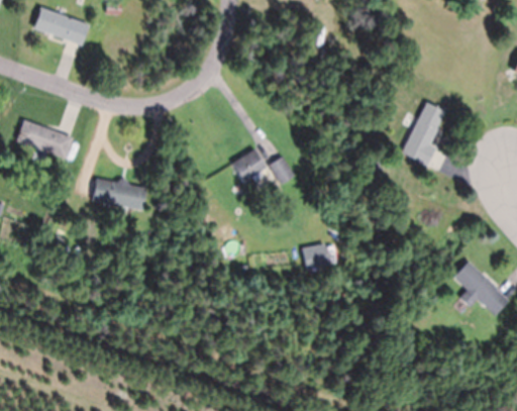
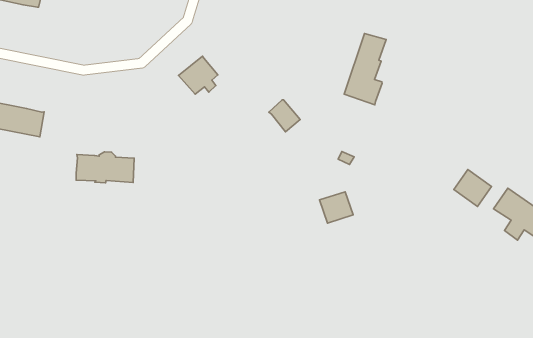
building: [402,103,445,167] -> [344,33,386,105]
building: [232,149,267,182] -> [179,56,218,94]
building: none -> [454,169,491,207]

